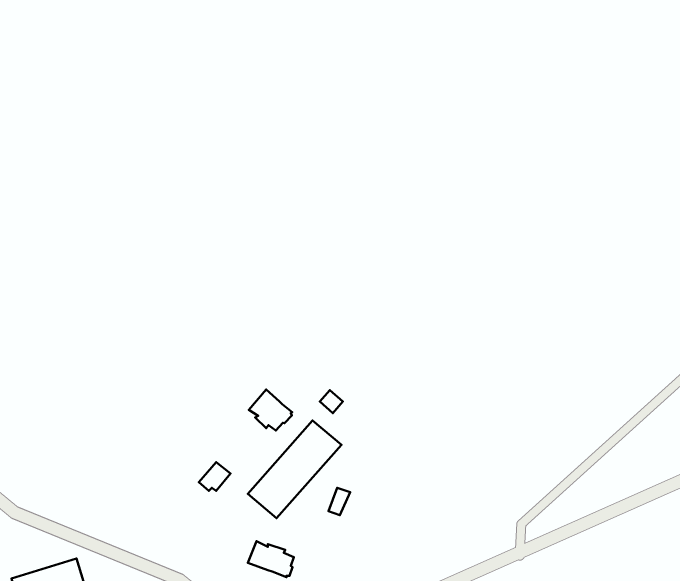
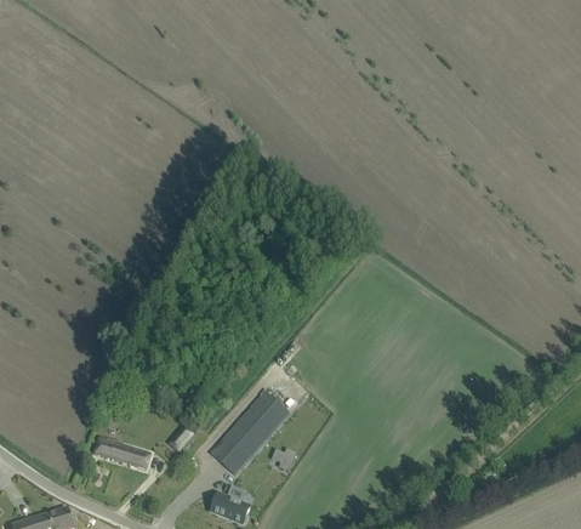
building: [249,389,292,431] -> none
building: none -> [93,434,150,467]

